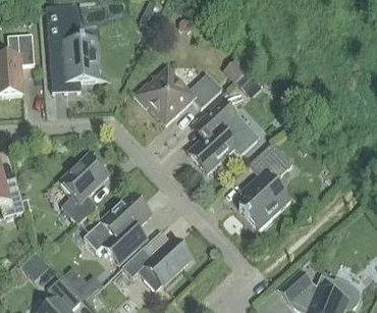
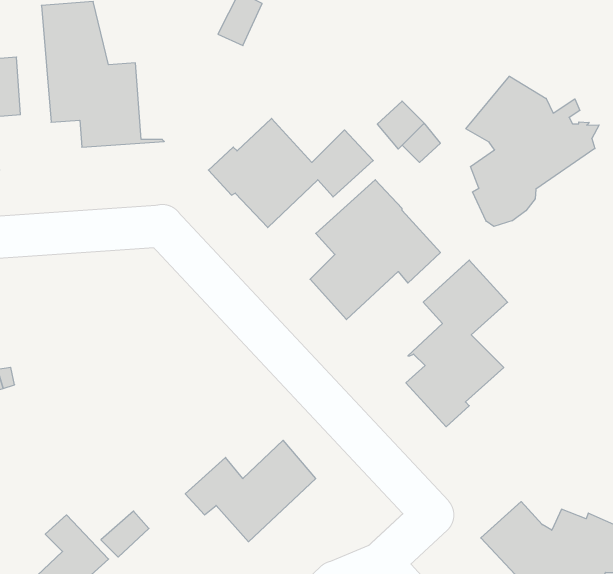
building: none -> [466,76,599,226]
building: [59,154,108,223] -> none
building: [83,193,151,264] -> none

